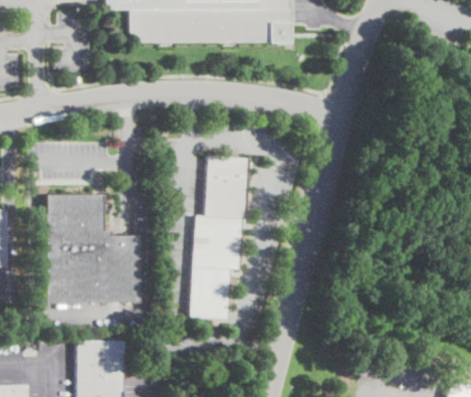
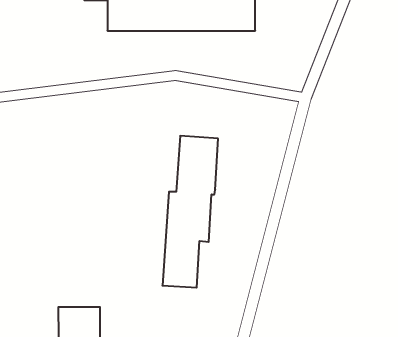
building: [46,194,138,303] -> none

